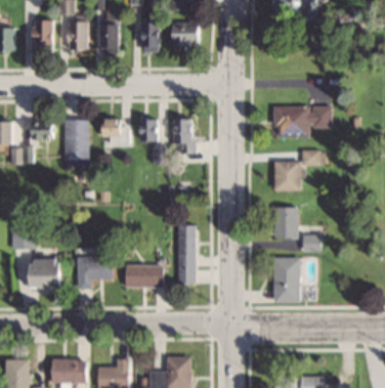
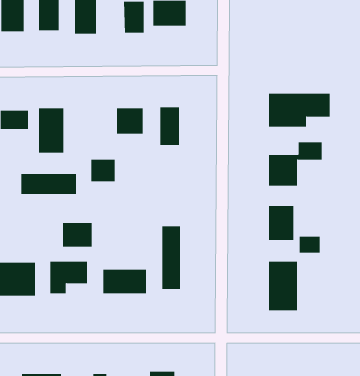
building: [102,119,125,139] -> [91,159,116,182]
building: none -> [21,173,77,195]
building: none -> [62,222,92,247]

